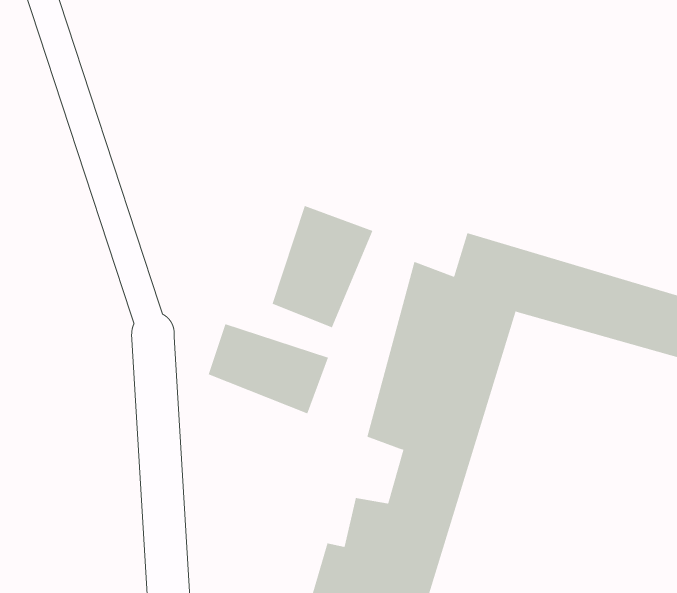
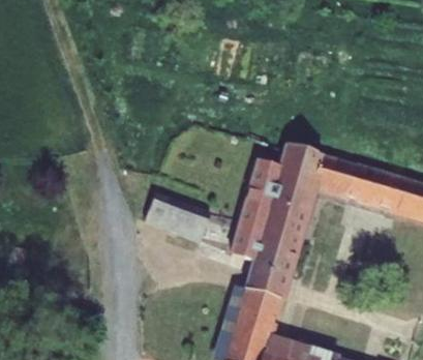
building: [272,205,373,328] -> none

